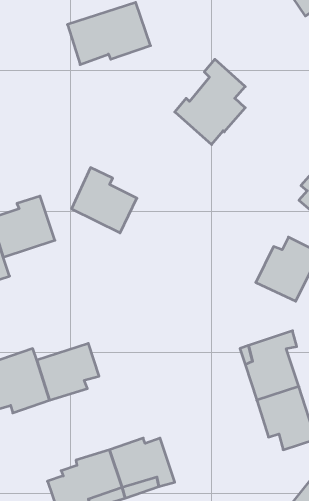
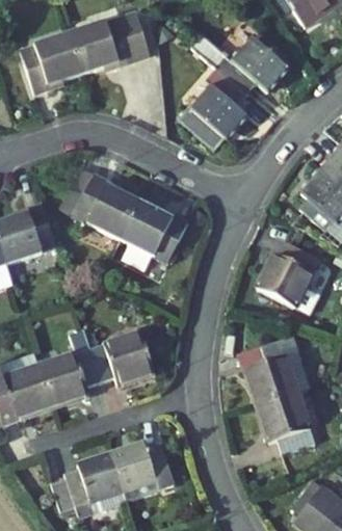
building: none -> [20,33,82,94]
building: none -> [190,33,287,95]
building: none -> [122,205,187,261]
building: none -> [90,333,153,383]

